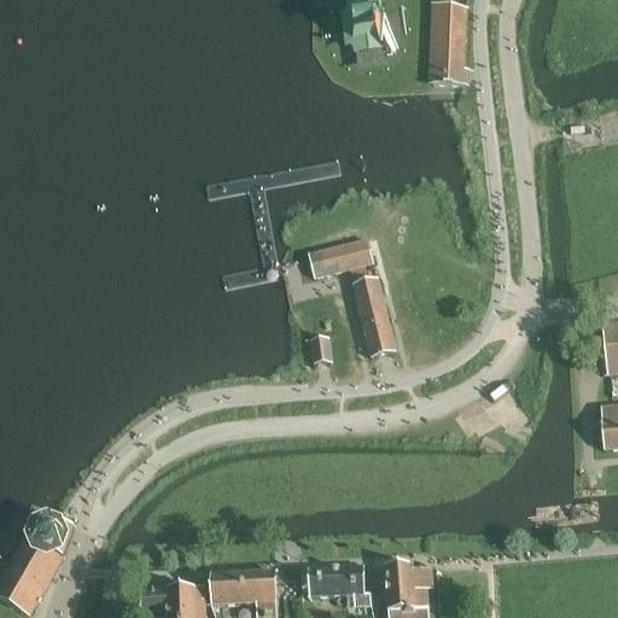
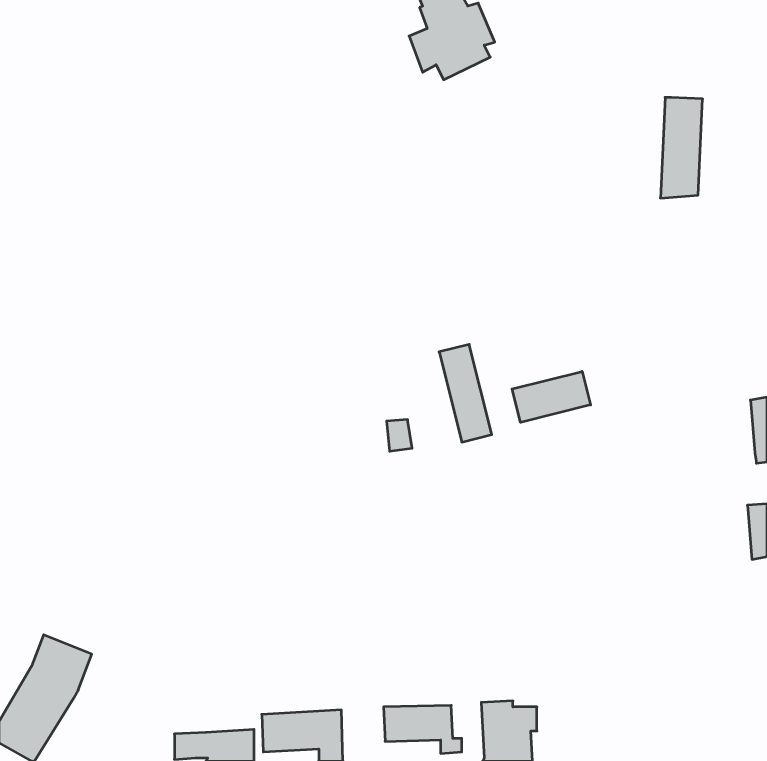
building: [432,5,466,86] -> [660,97,703,198]
building: [320,238,373,273] -> none
building: none -> [512,371,591,422]

